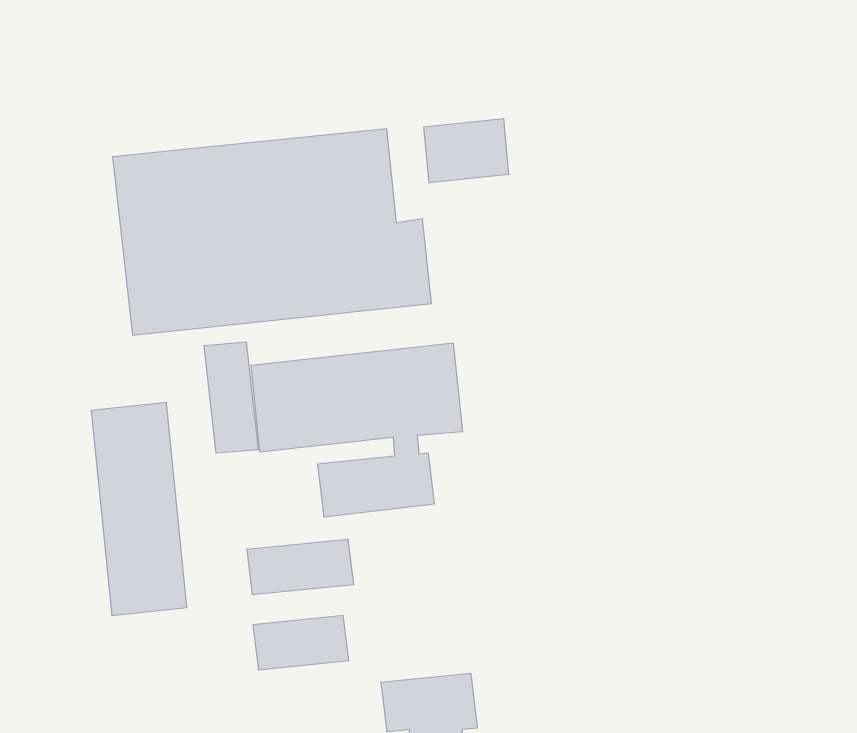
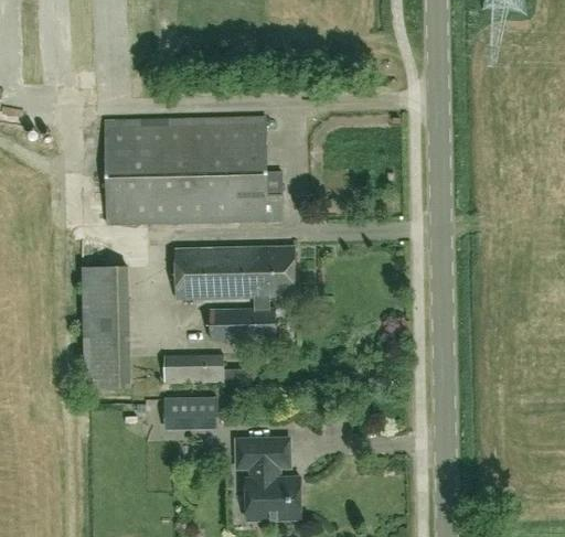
building: [424,118,509,183] -> none
building: [204,342,258,453] -> none

